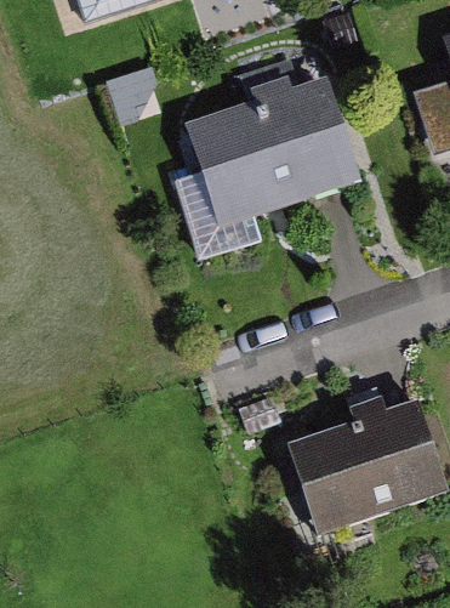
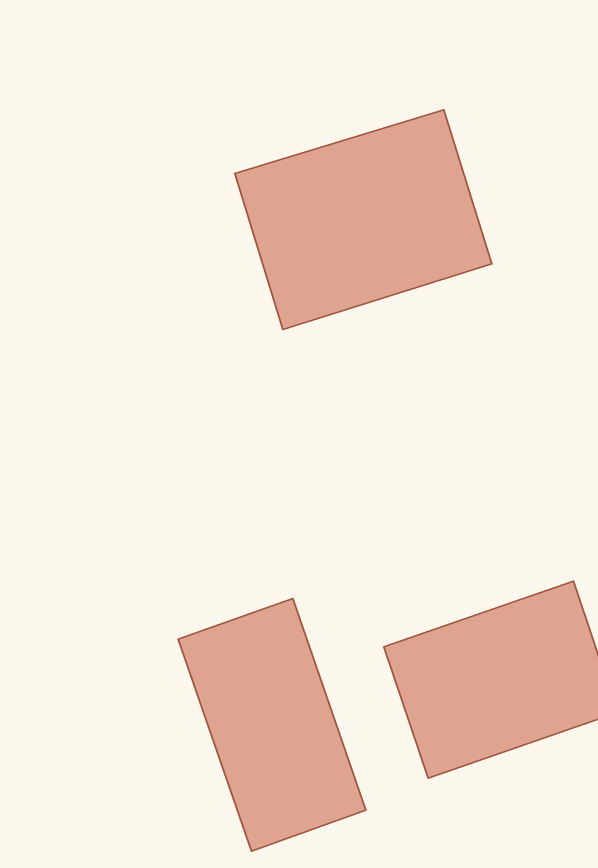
building: none -> [178,598,366,851]

